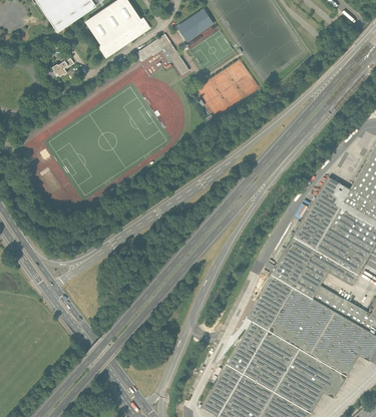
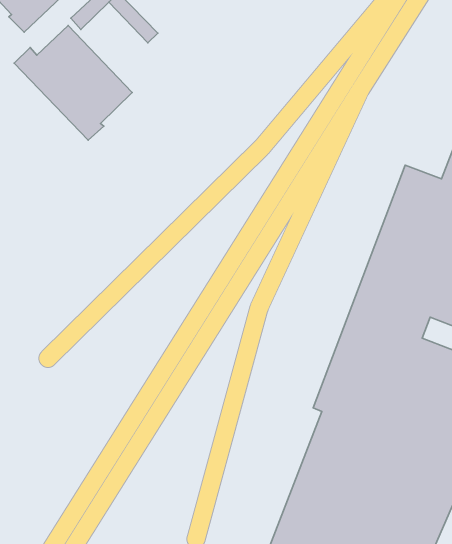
building: none -> [14,26,132,140]

